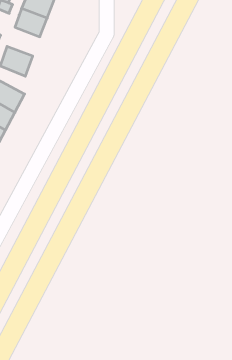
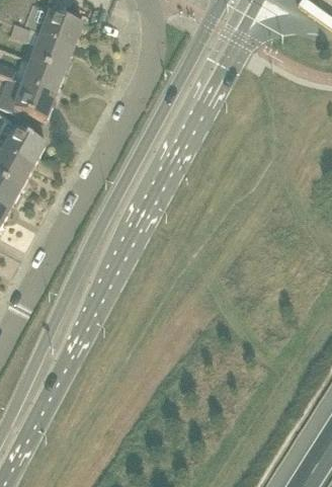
building: none -> [22,59,64,95]

